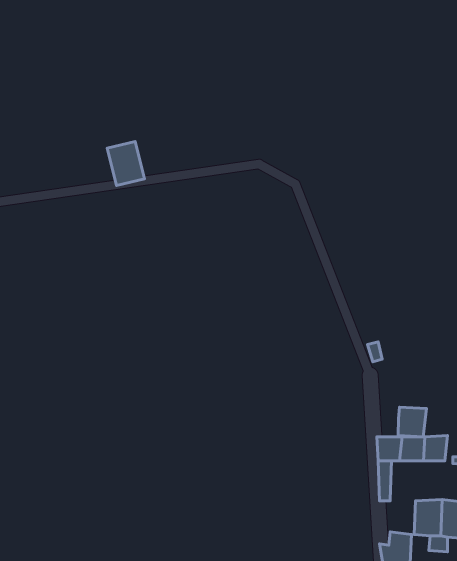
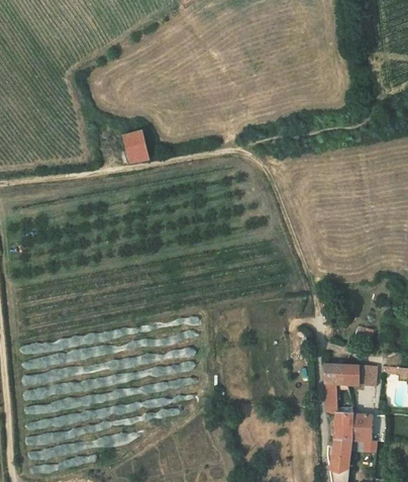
building: [398,407,427,437] -> none
building: none -> [334,412,353,438]

